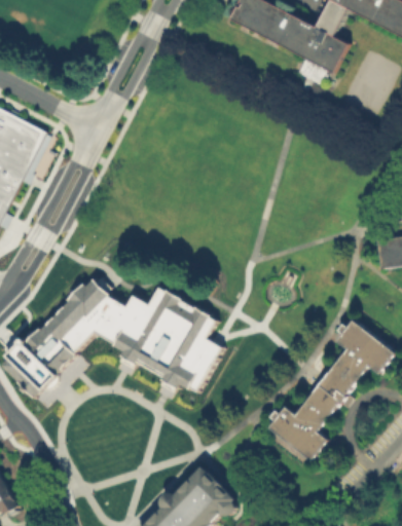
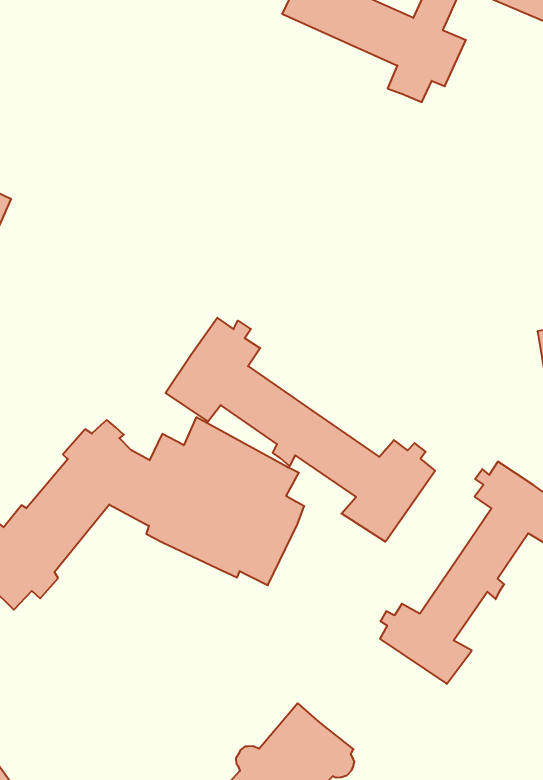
building: none -> [166,318,435,542]

